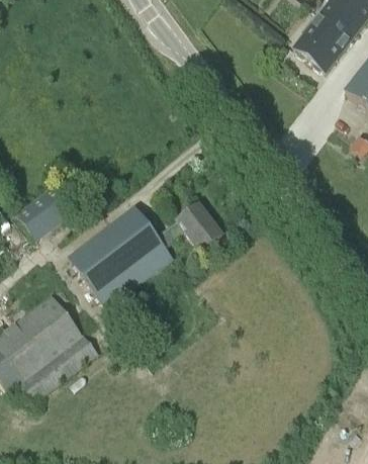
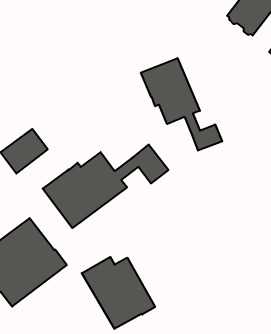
building: none -> [141,58,222,151]
building: none -> [82,257,155,329]

